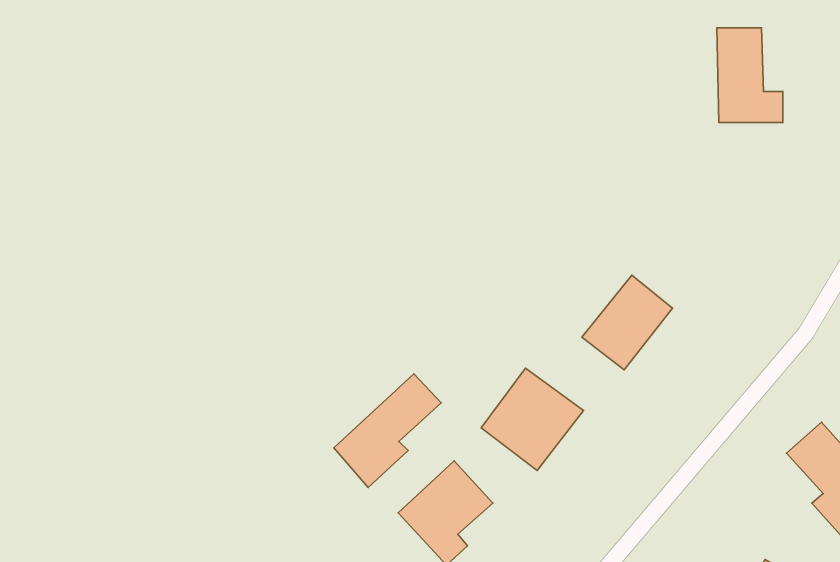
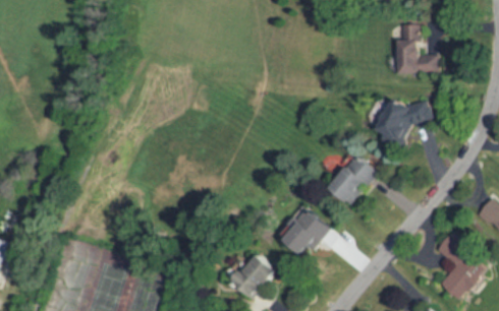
building: none -> [373,102,429,148]
building: [334,374,441,488] -> none

